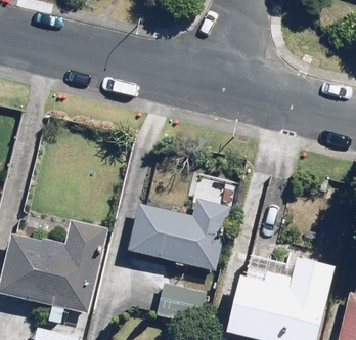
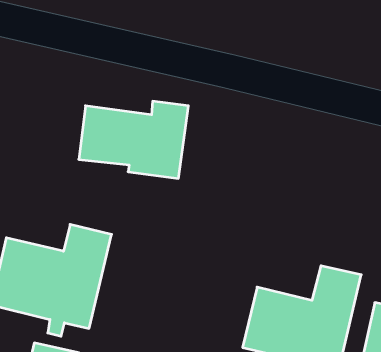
building: [128,199,228,269] -> [79,101,188,178]
building: [155,283,205,323] -> none

